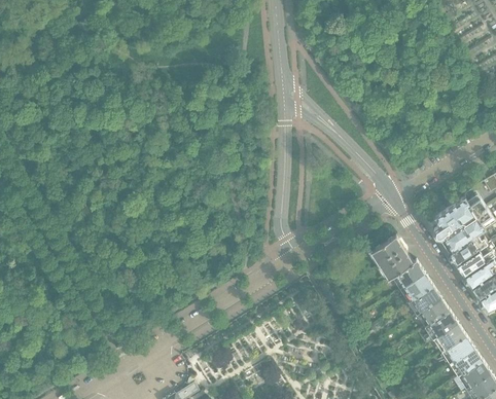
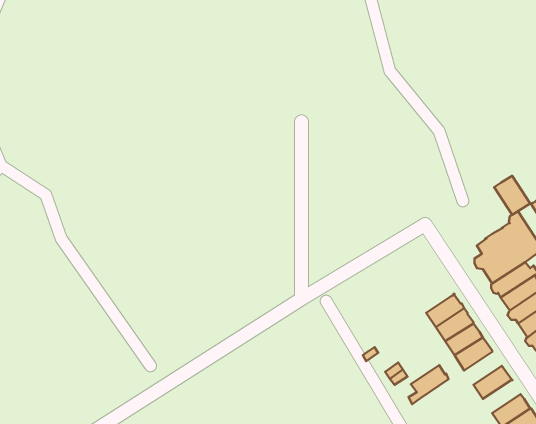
building: none -> [494,176,530,215]
building: [373,237,414,279] -> none
building: [423,311,458,344] -> [409,365,449,404]
building: [441,335,474,364] -> none

